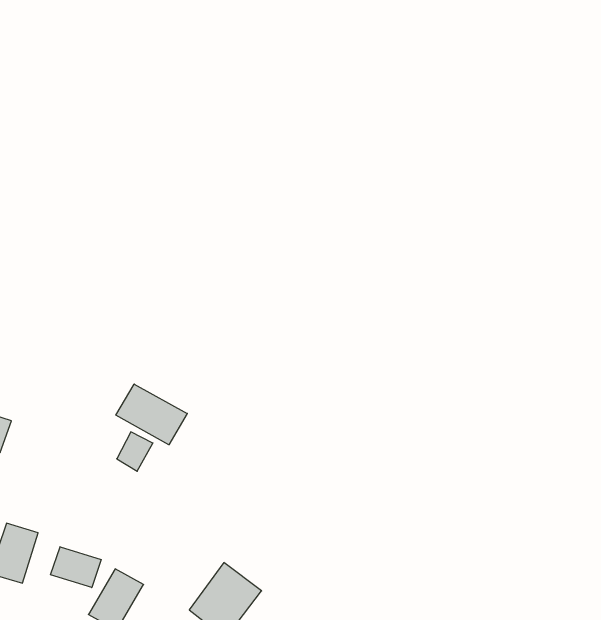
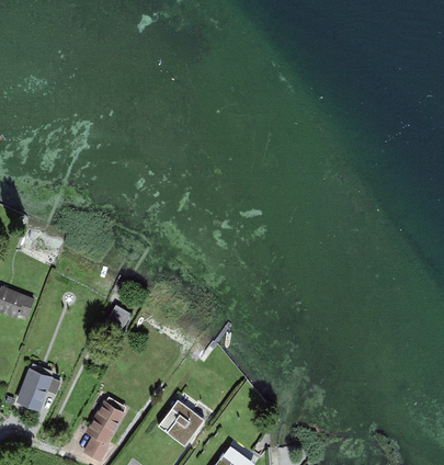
building: [116,384,187,445] -> none
building: [51,547,101,588] -> none

